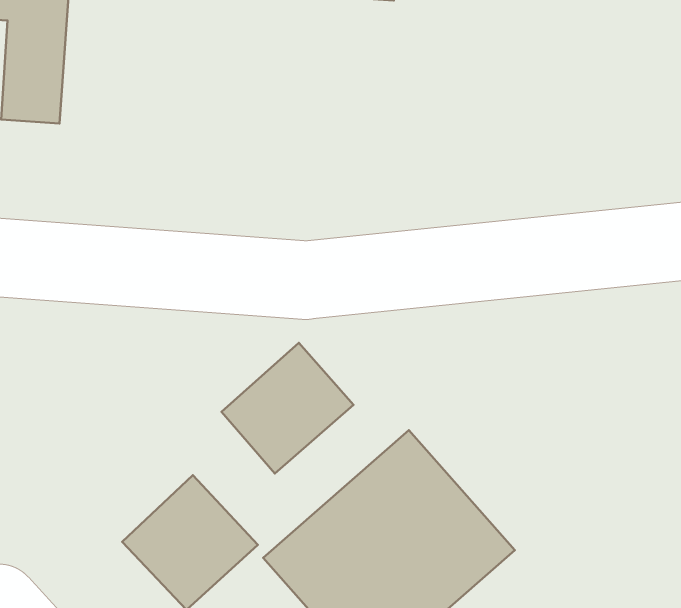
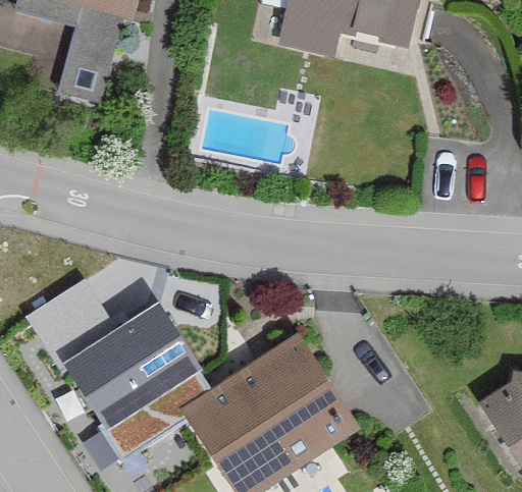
building: [222,343,354,474] -> none

